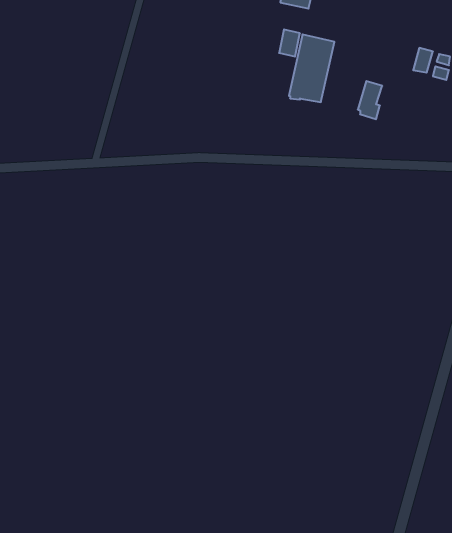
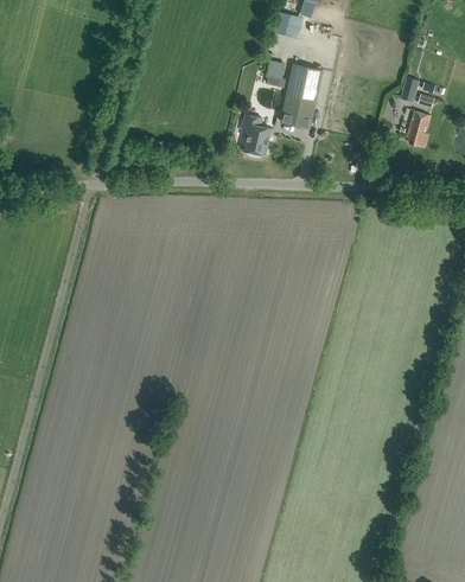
building: [358,81,382,119] -> [407,111,431,148]
building: none -> [241,114,273,156]

